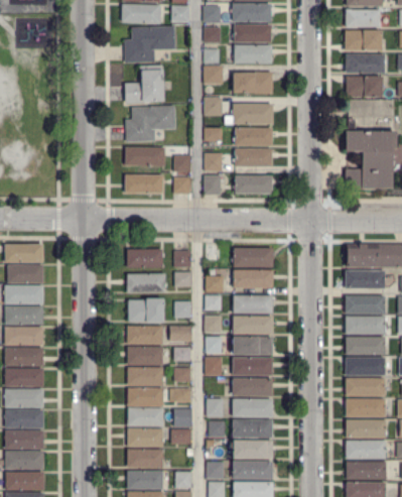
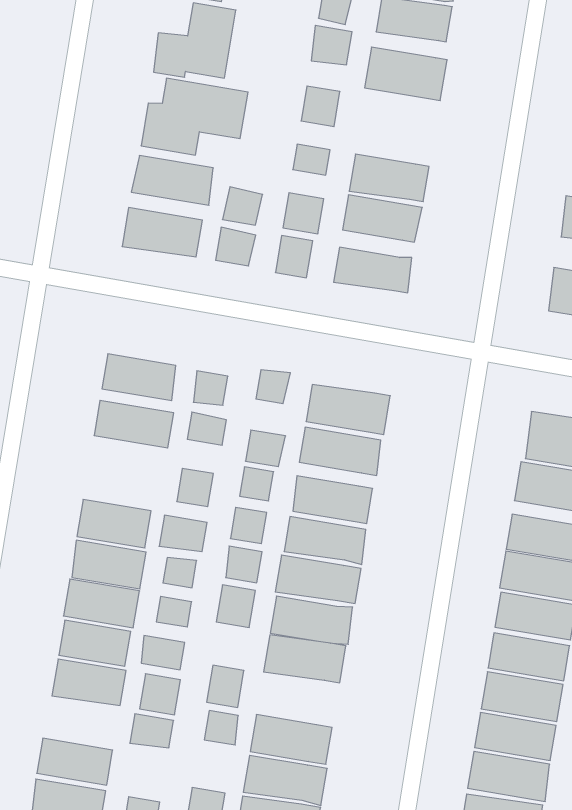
building: [233,103,273,125] -> none
building: [128,300,164,323] -> none
building: [233,399,273,418] -> none
building: [128,428,163,448] -> none

